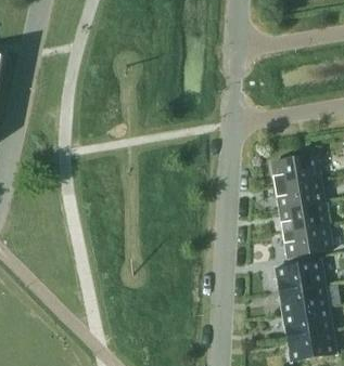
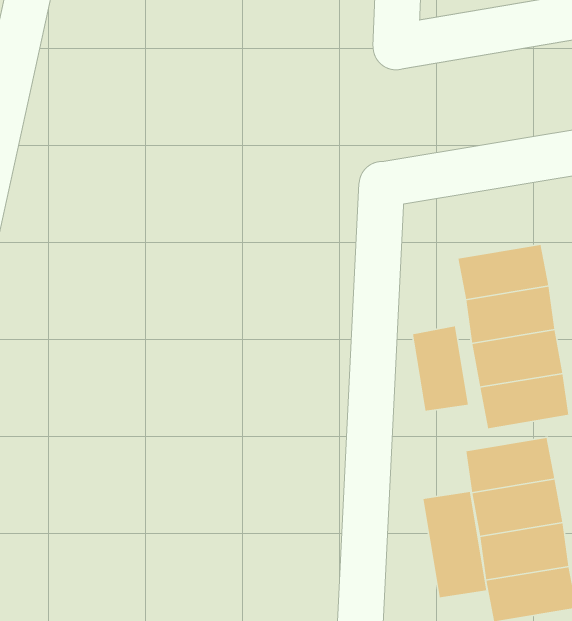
building: none -> [412,326,469,412]
building: none -> [422,491,487,598]

